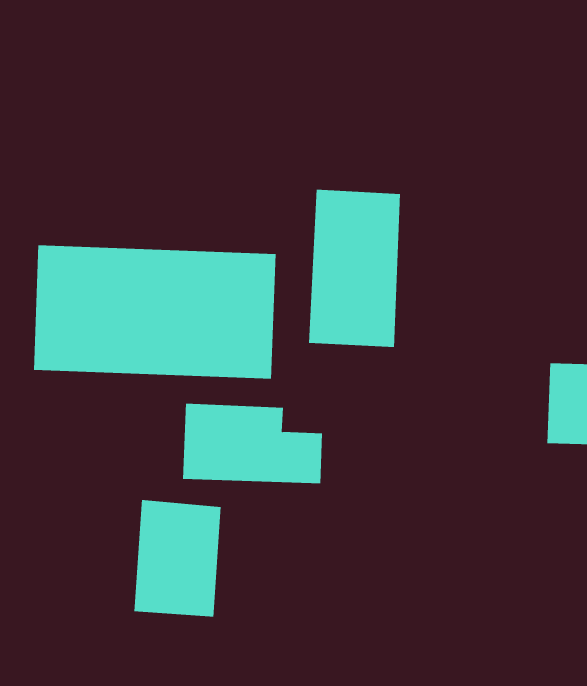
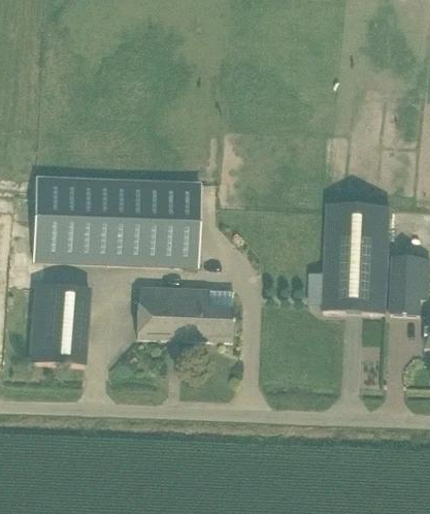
building: [308,189,401,348] -> [324,202,388,312]
building: [134,499,222,617] -> [29,284,90,365]

